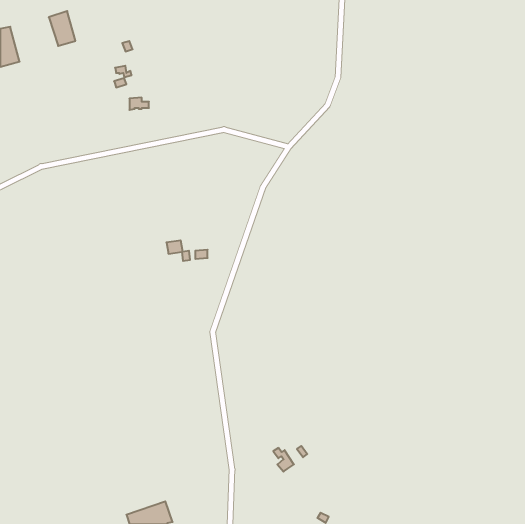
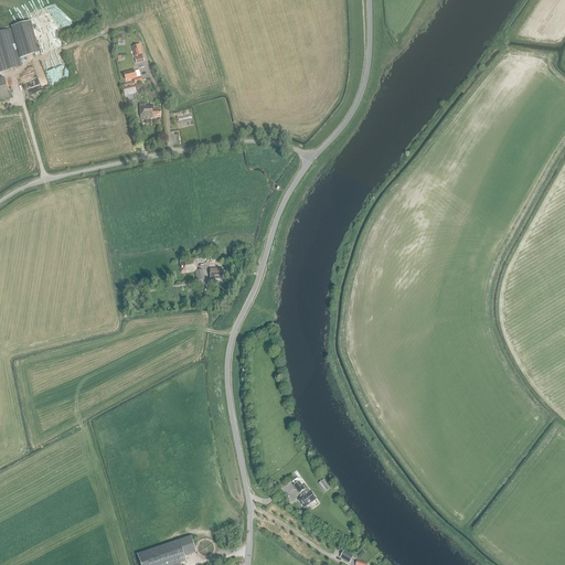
building: [49,11,75,46] -> [10,20,39,57]

